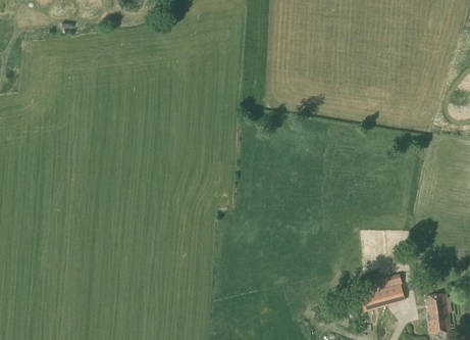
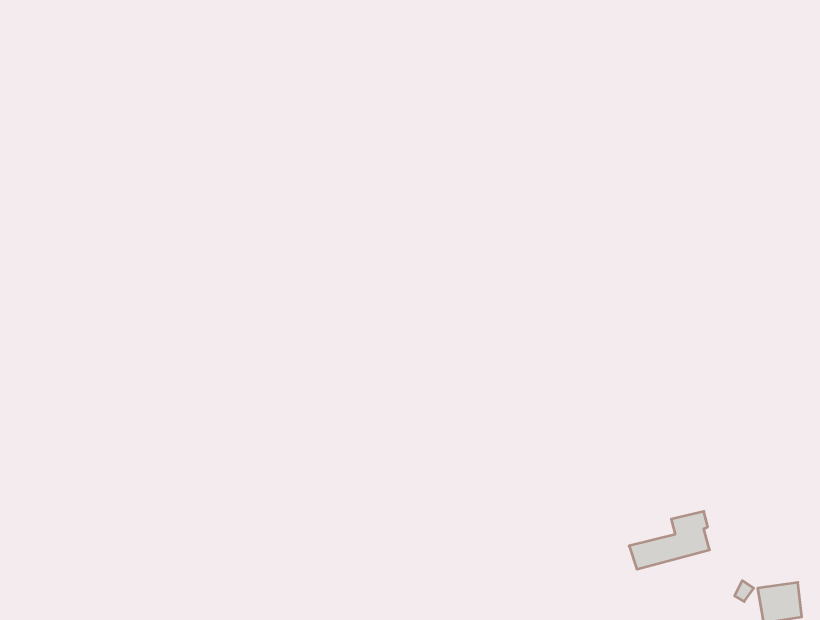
building: [424,294,450,317] -> none

